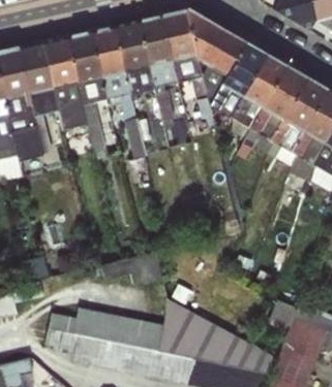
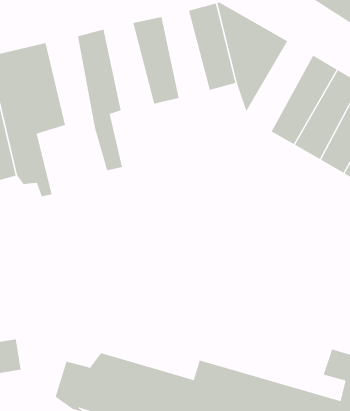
building: [139,15,180,147] -> none
building: [90,26,146,158] -> none
building: [41,37,82,129] -> none
building: [209,41,265,117] -> none

